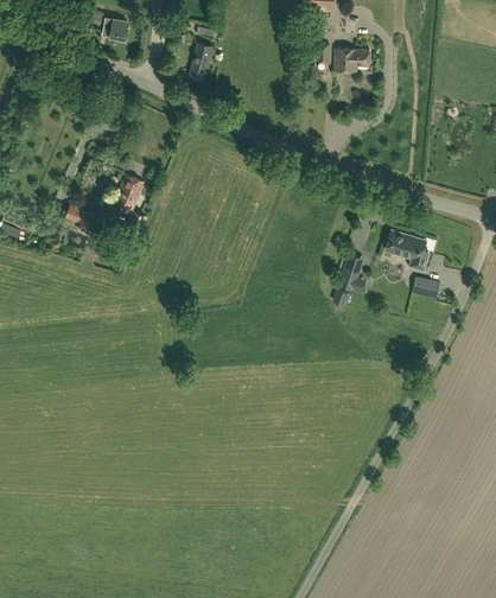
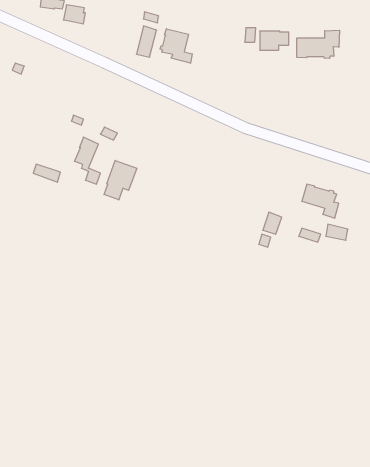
building: none -> [160,29,192,63]
building: none -> [297,30,339,58]
building: none -> [104,160,137,200]

